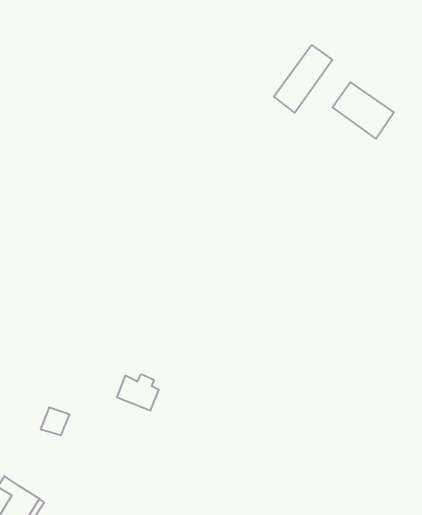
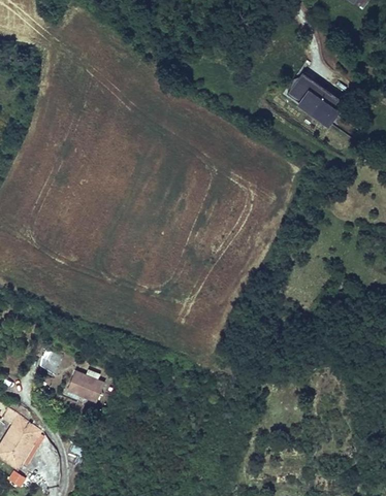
building: [274,45,332,113] -> none
building: [117,374,159,410] -> [67,371,103,402]

